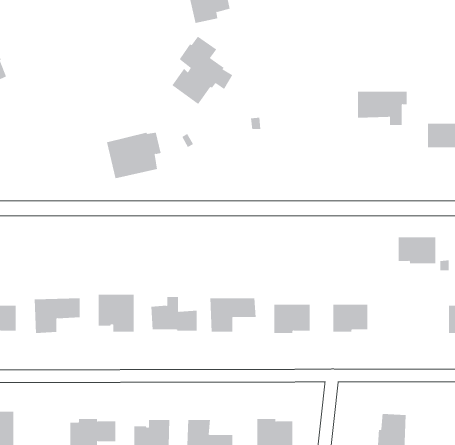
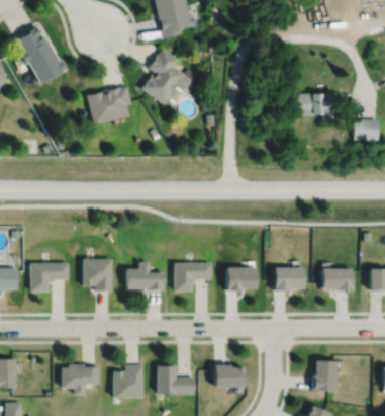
building: none -> [16,26,68,84]
building: [106,132,161,179] -> [88,87,133,126]
building: [398,237,436,264] -> [323,270,355,293]

